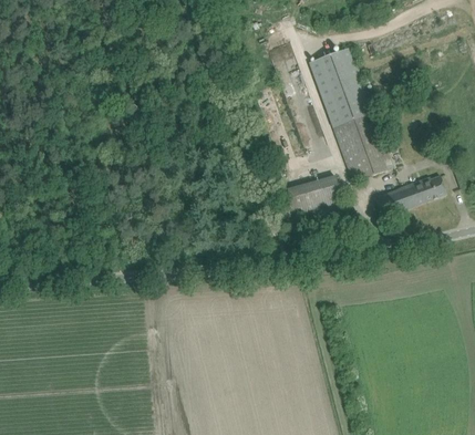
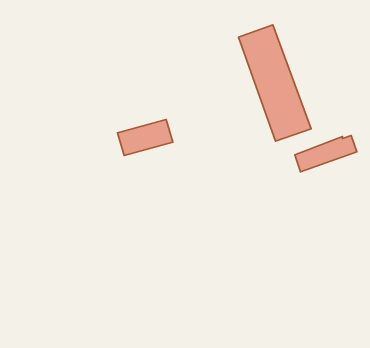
building: [277,175,341,217] -> [117,119,173,156]

